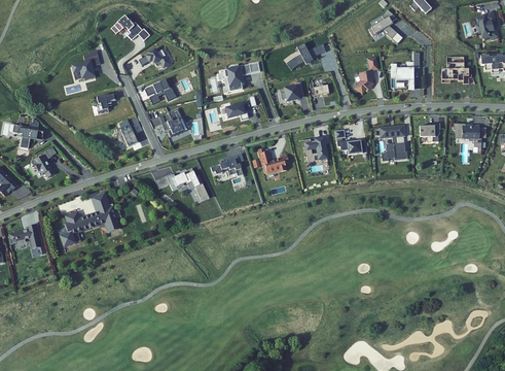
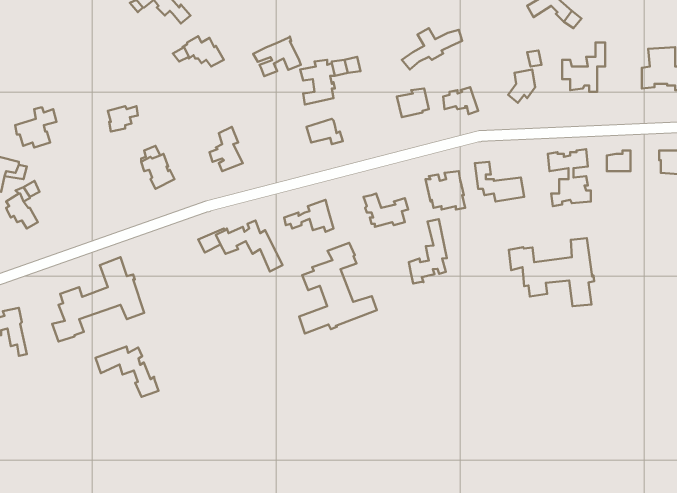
building: [72,55,99,80] -> [15,108,56,147]
building: [144,78,175,104] -> [253,36,301,76]
building: none -> [409,219,447,283]
building: none -> [509,238,594,306]
building: none -> [299,243,377,333]
building: none -> [95,347,158,397]

